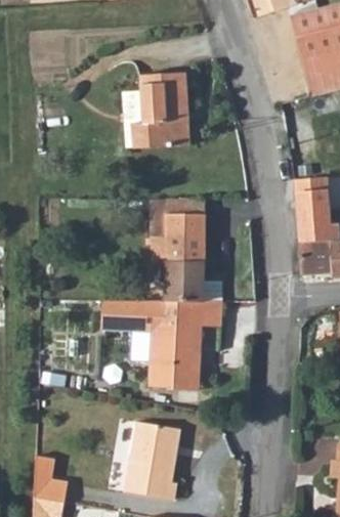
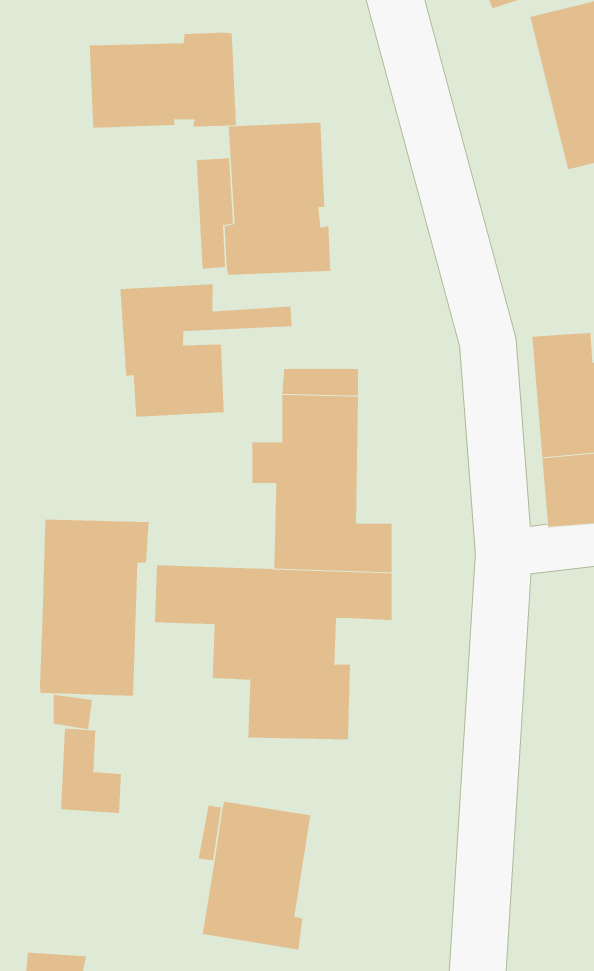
building: none -> [89,32,237,129]
building: none -> [120,283,292,418]
building: none -> [39,519,149,696]
building: [35,457,67,501] -> [60,728,122,814]

